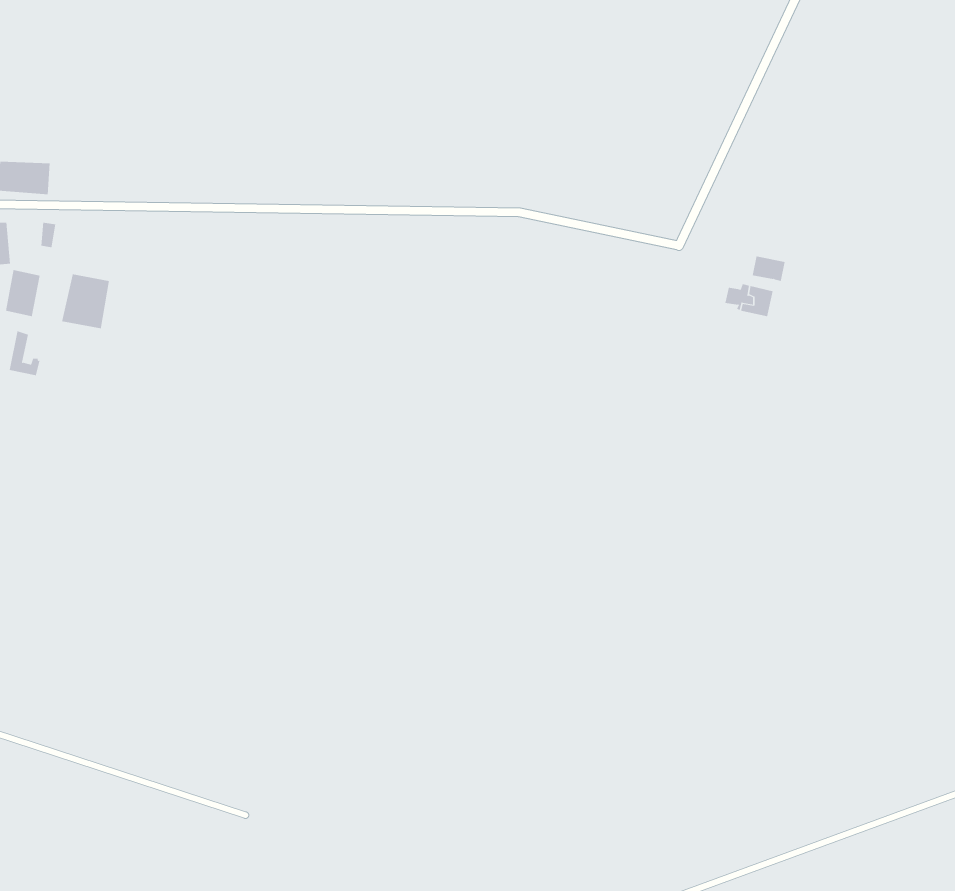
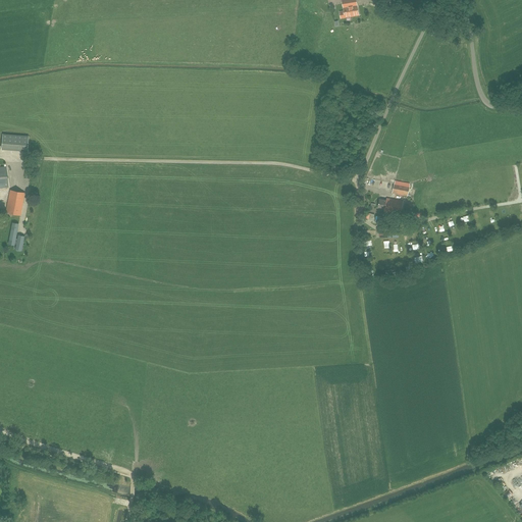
building: [62,274,109,329] -> none

